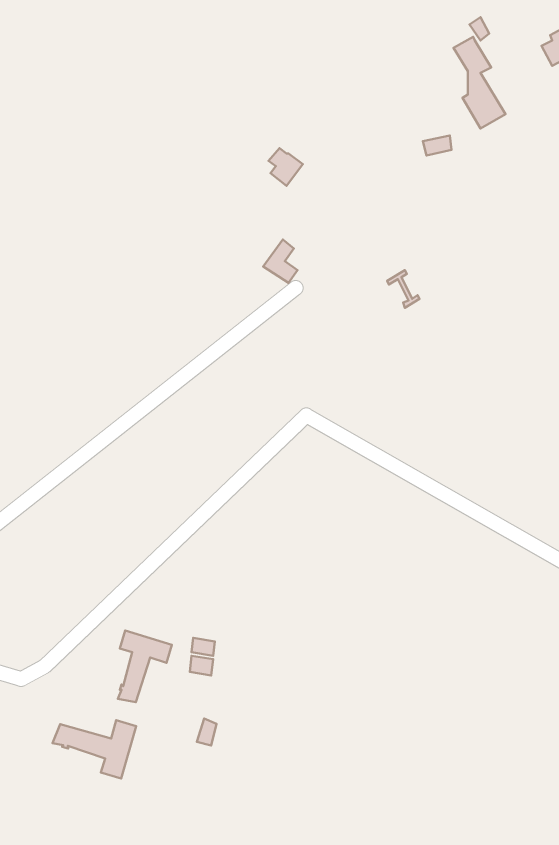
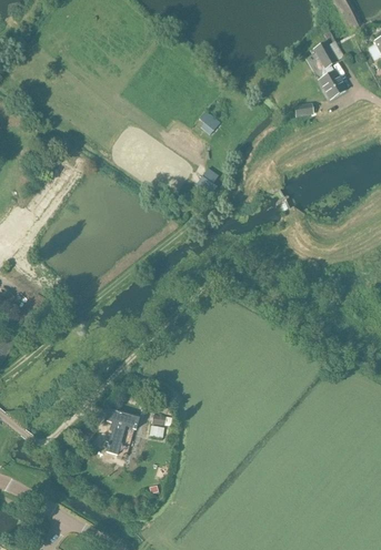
building: [53,720,136,778] -> none

